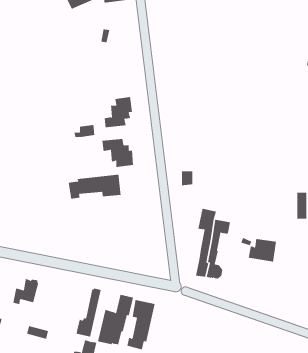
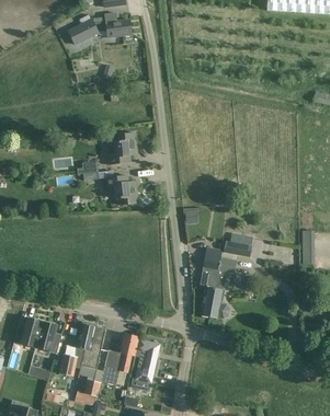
building: [68,174,121,199] -> none
building: [248,238,277,262] -> [224,233,253,257]
building: none -> [36,322,60,354]
building: none -> [59,323,95,375]

